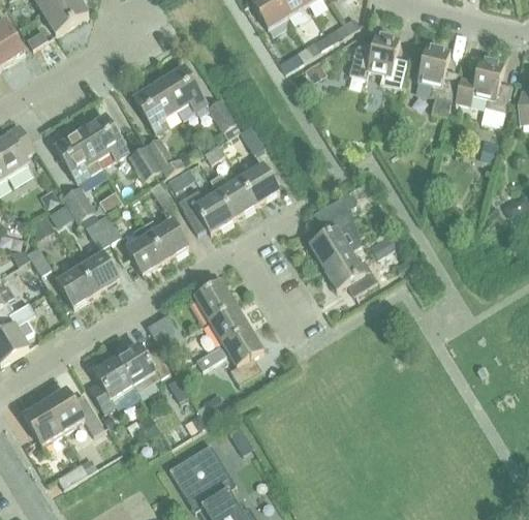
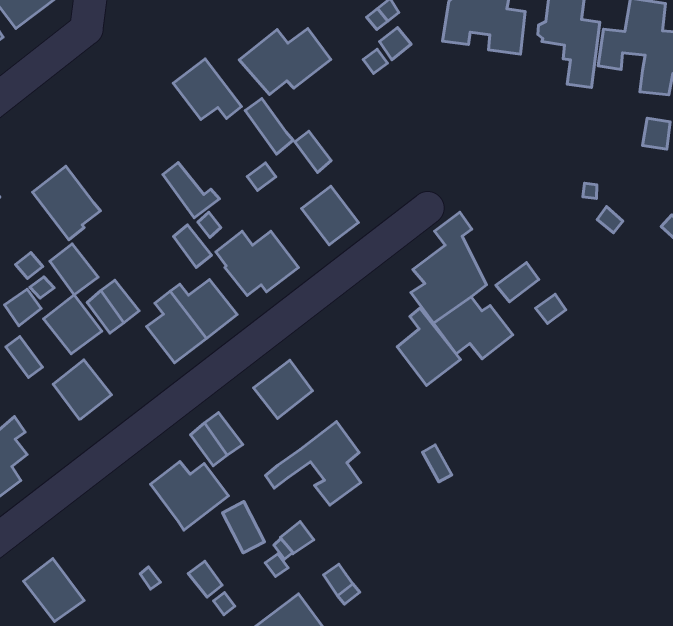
building: none -> [239,28,331,94]
building: [134,83,177,134] -> none
building: [81,117,127,159] -> none
building: [129,145,161,180] -> none
building: [209,173,256,218] -> none
building: [80,252,119,293] -> [44,295,102,354]
building: none -> [397,308,460,385]
building: [209,304,249,343] -> none
building: [89,357,141,410] -> none
building: [44,389,103,433] -> none

